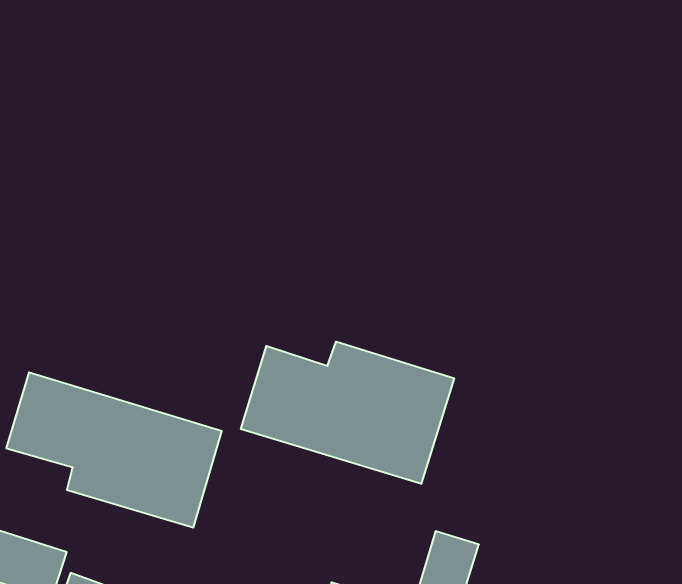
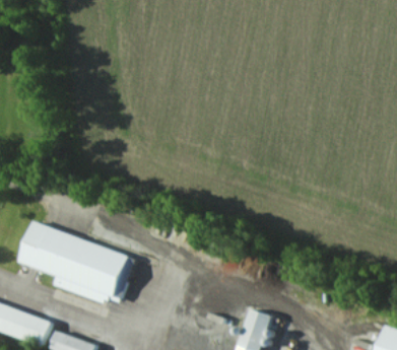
building: [241,342,454,484] -> none

